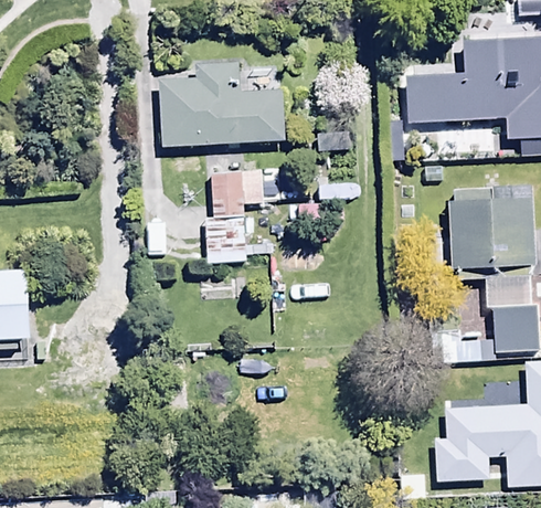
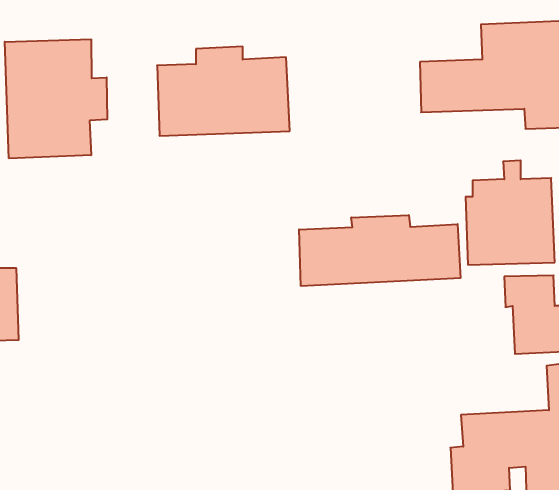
building: none -> [5,39,107,158]
building: [206,172,266,262] -> none
building: none -> [299,215,460,286]

